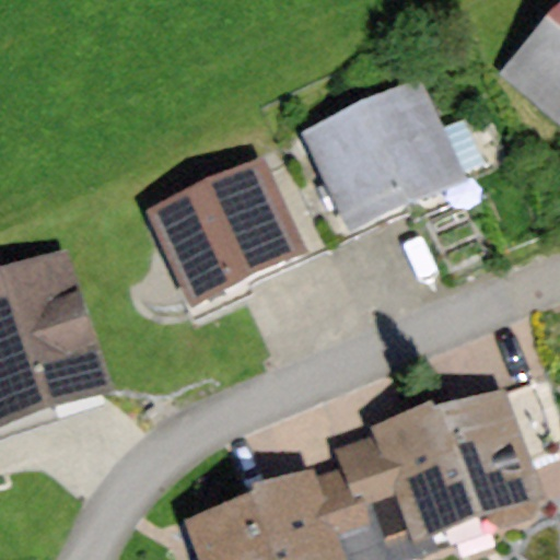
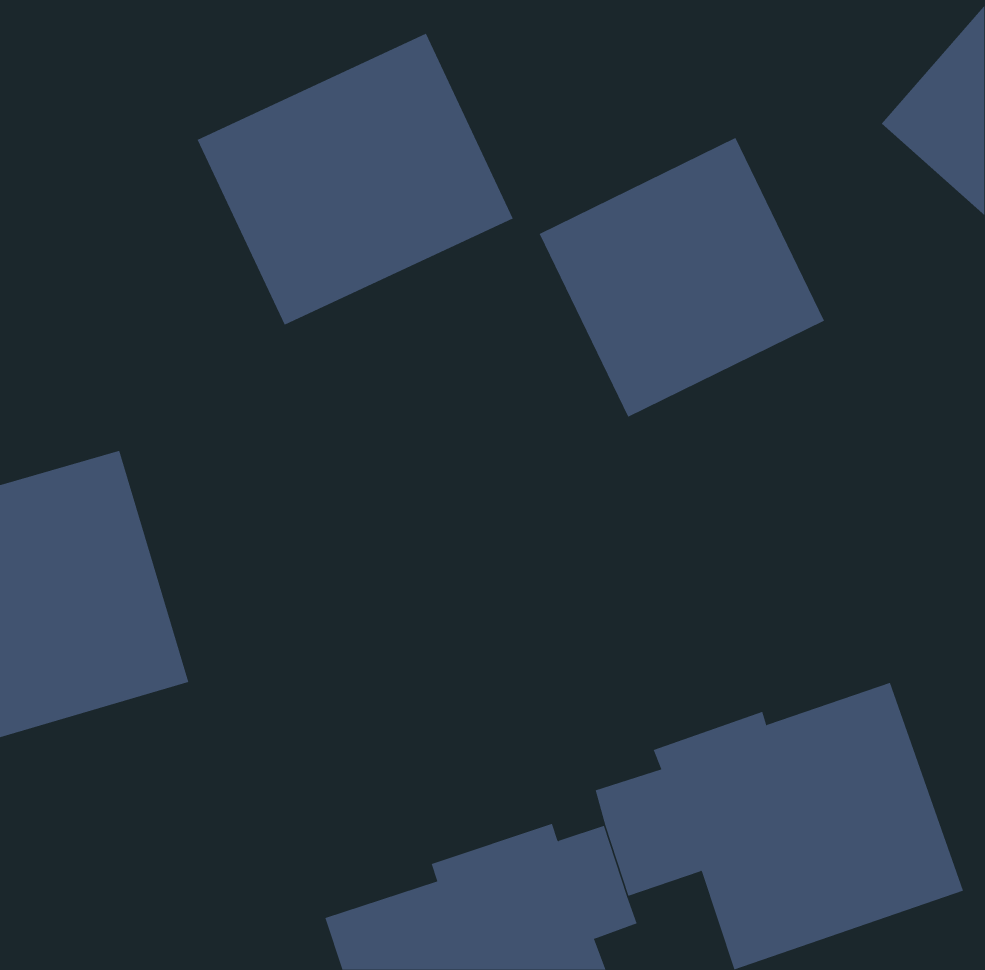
building: none -> [197,33,514,325]
building: [154,161,304,302] -> none

